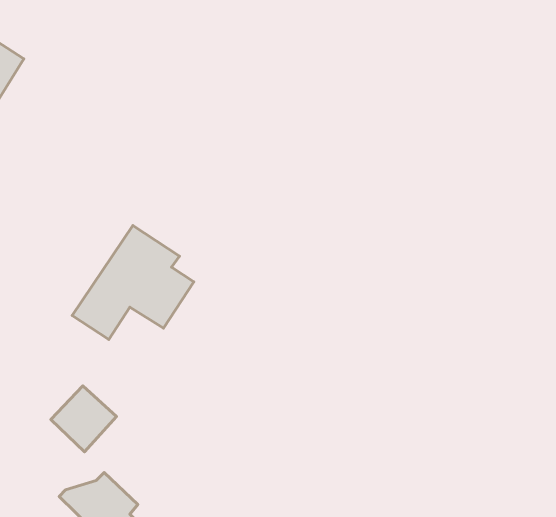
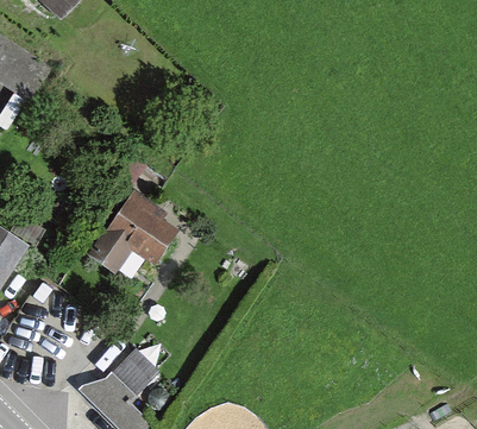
building: [51,386,117,452] -> [111,347,159,396]

